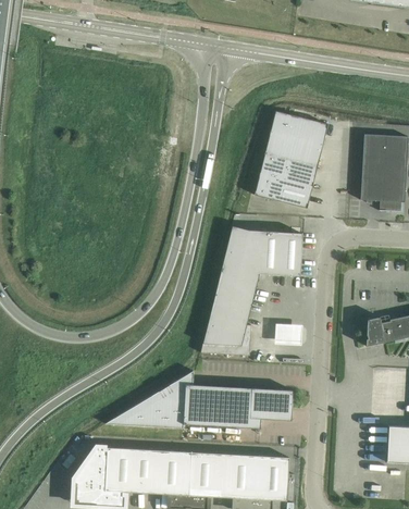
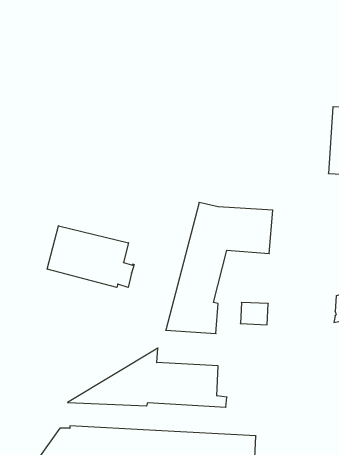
building: [255,110,329,207] -> none
building: none -> [47,226,134,287]
building: [251,387,293,419] -> none

